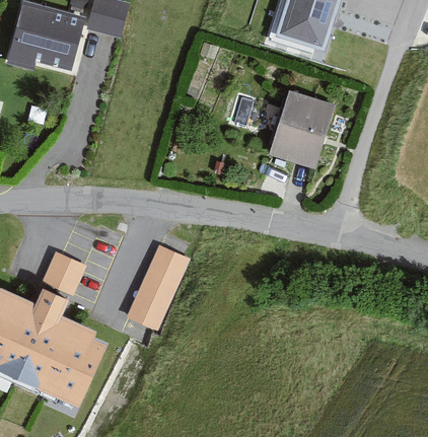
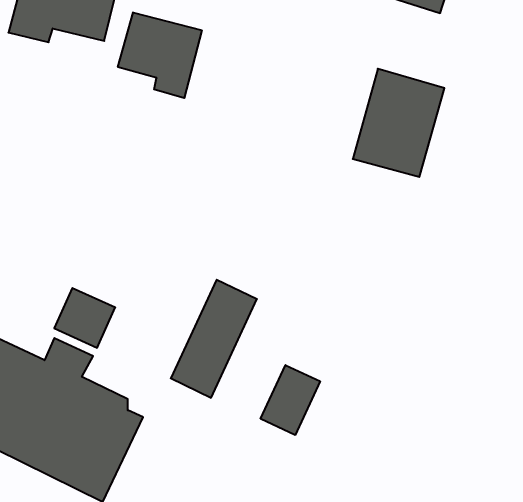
building: none -> [118,12,202,98]
building: none -> [261,365,320,435]

